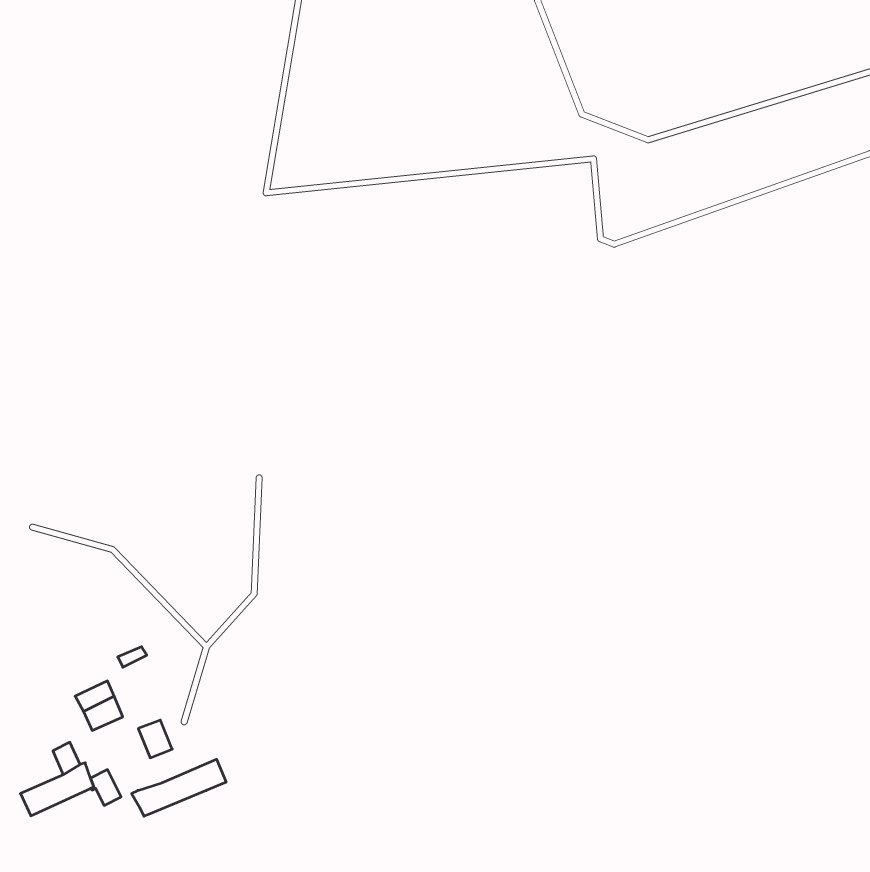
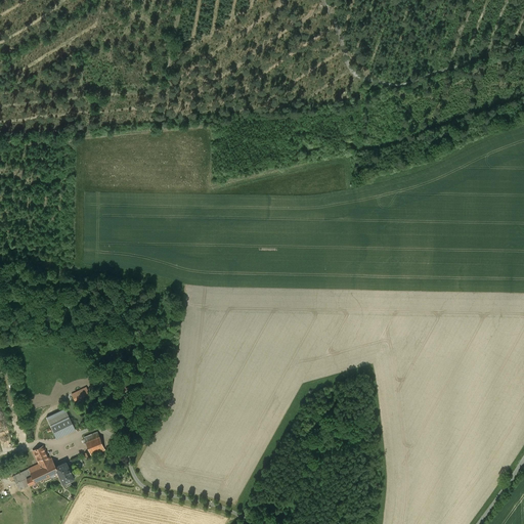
building: [132,759,226,816] -> none

